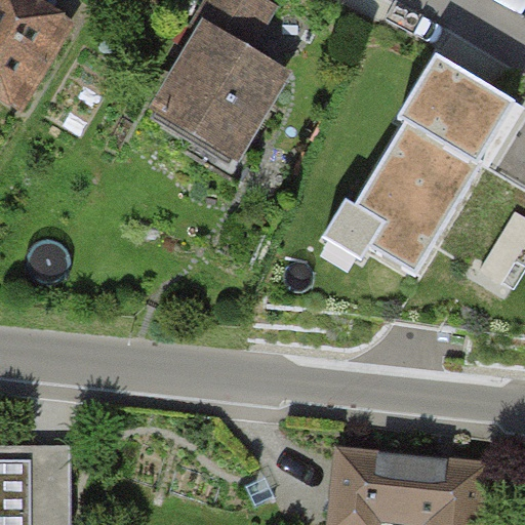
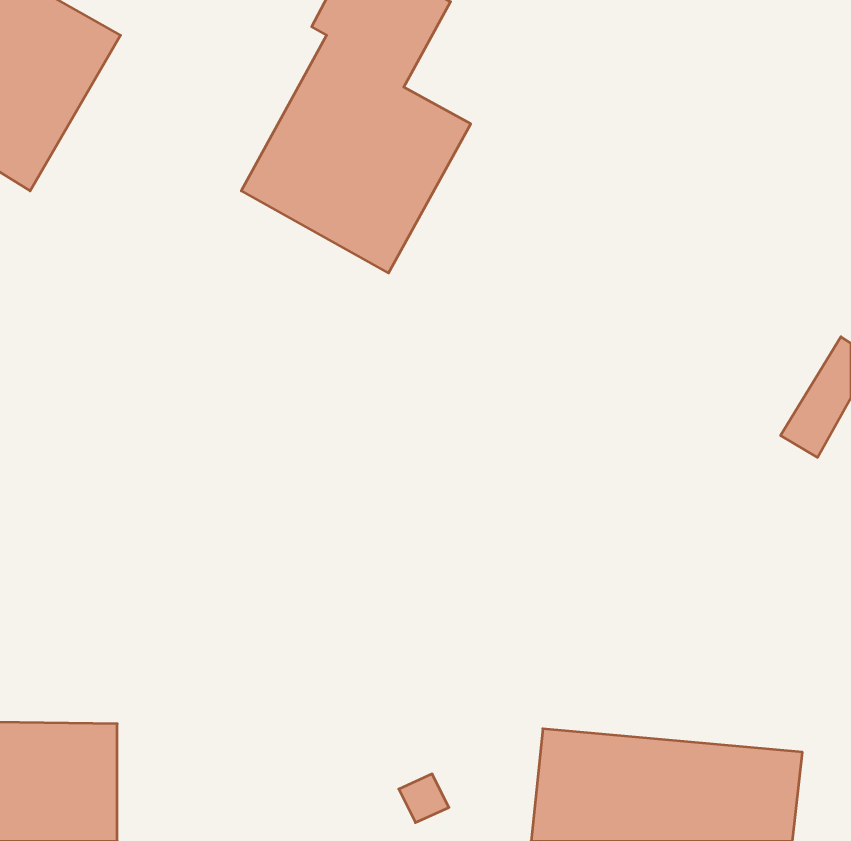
building: [355,64,514,280] -> none

